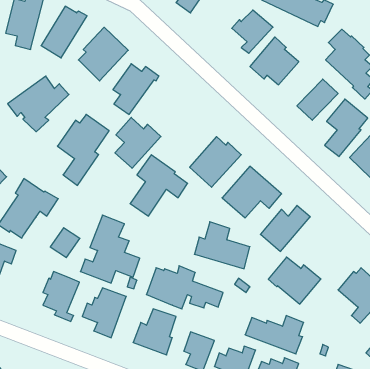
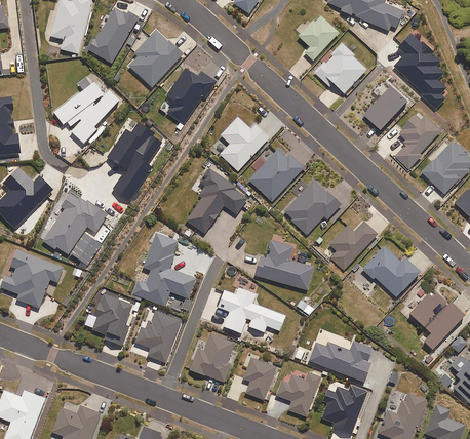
building: [115,117,161,168] -> [220,117,269,171]
building: [50,228,80,258] -> [70,234,102,266]
building: [268,257,321,304] -> [363,246,420,296]

